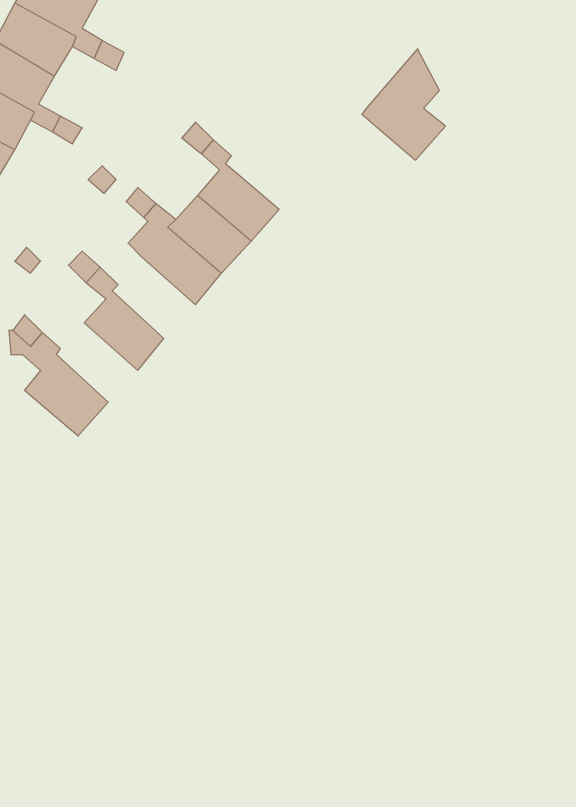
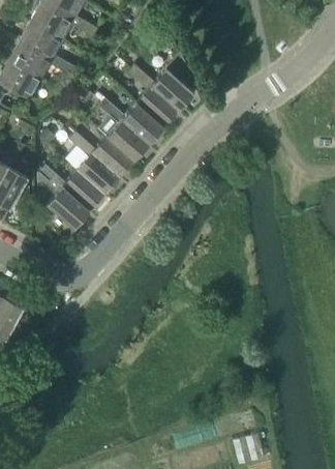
building: [362,49,445,160] -> [150,52,193,110]
building: none -> [91,135,134,177]
building: none -> [62,169,104,210]

